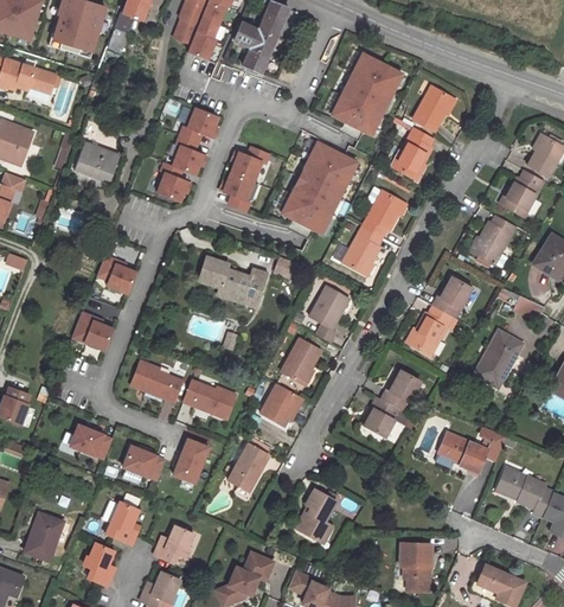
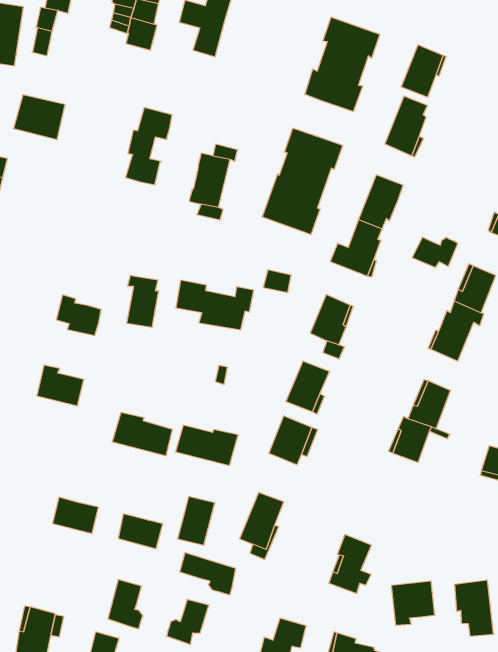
building: [73,141,120,183] -> [13,95,65,140]
building: [156,161,188,200] -> none
building: none -> [127,275,159,328]
building: none -> [412,237,458,268]
building: none -> [180,552,235,595]
building: none -> [392,581,435,626]

